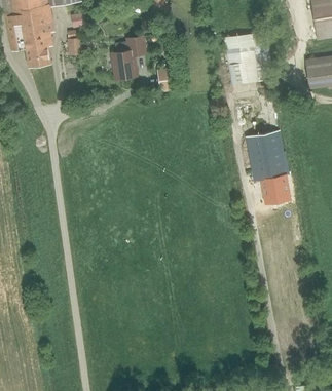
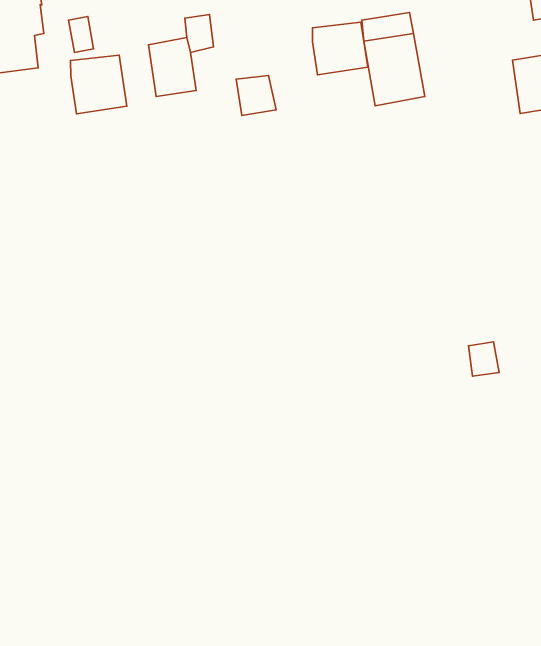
building: none -> [312,22,368,75]
building: none -> [71,55,127,114]
building: [246,130,287,206] -> none

